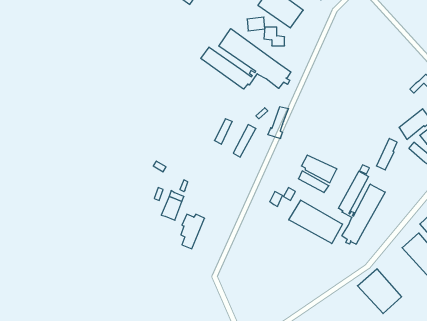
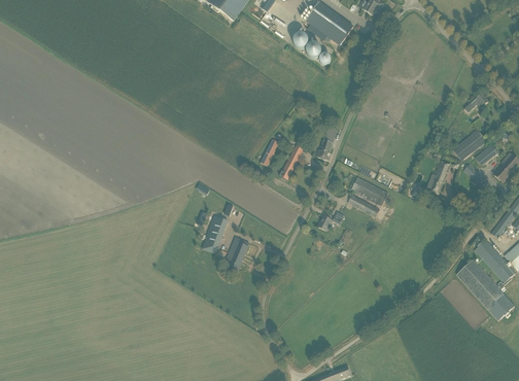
building: [201,29,291,89] -> none
building: [338,171,385,244] -> none
building: [289,200,343,244] -> none
building: [357,269,402,314] -> none

